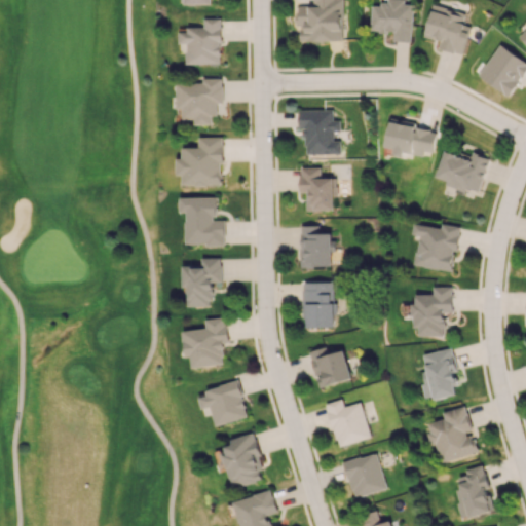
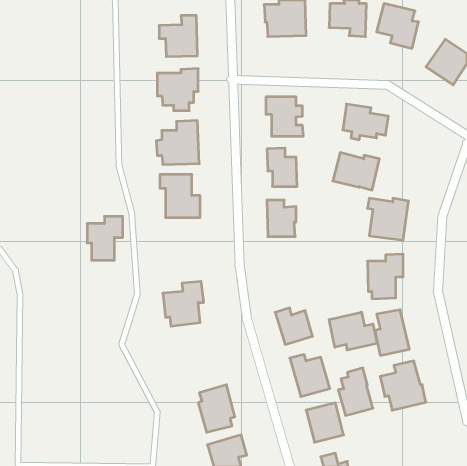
building: [437,150,489,192] -> [333,153,379,190]
building: [182,258,222,307] -> [87,216,123,260]
building: [303,281,334,328] -> none
building: none -> [329,312,377,350]
building: [199,380,249,426] -> none
building: [455,465,494,519] -> [338,368,373,415]

